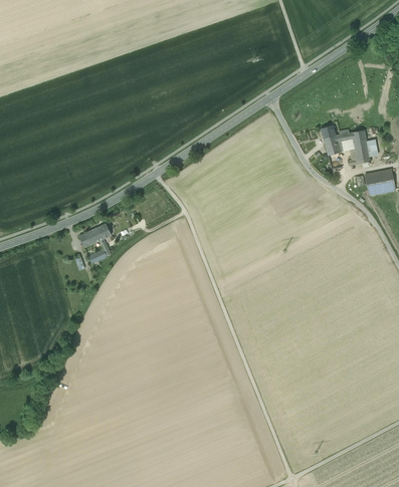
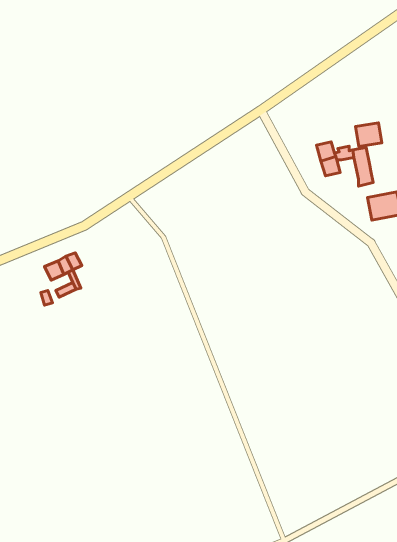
building: none -> [356,123,382,147]

